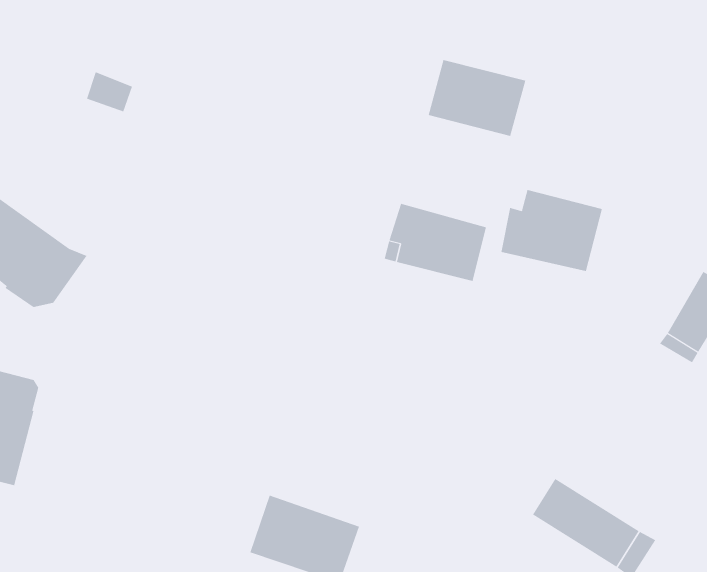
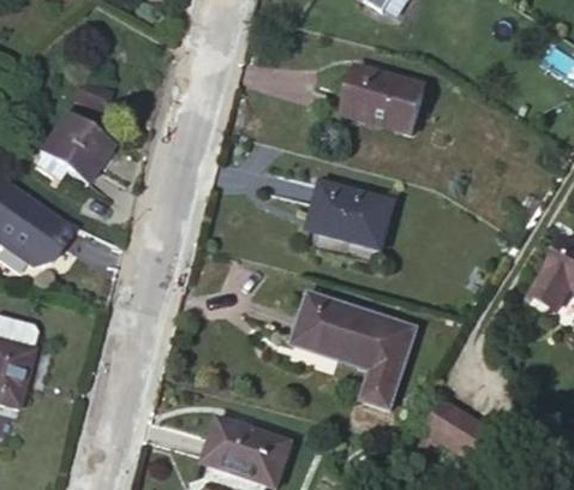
building: none -> [35,115,109,183]
building: [501,189,602,272] -> none
building: none -> [294,292,414,406]

